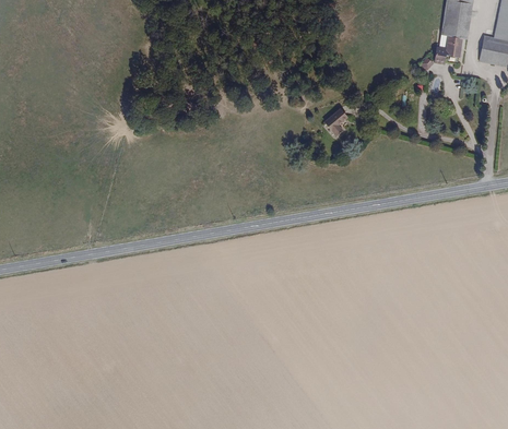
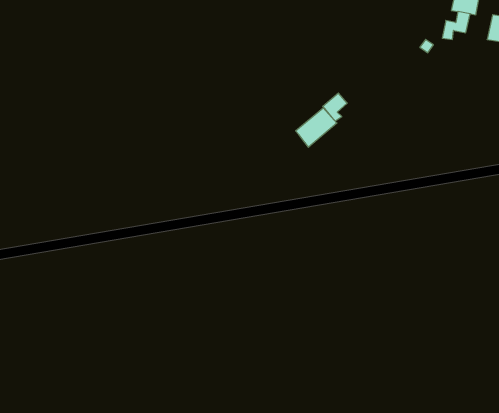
building: none -> [296,108,337,147]

